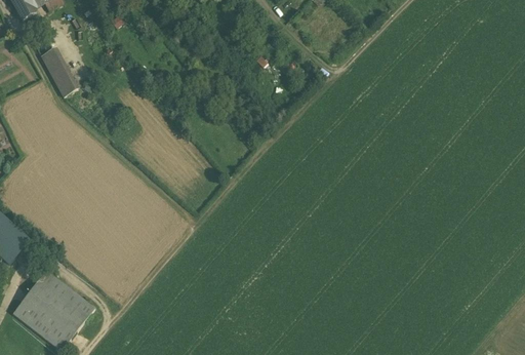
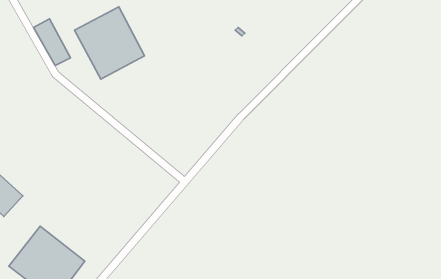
building: none -> [75,7,144,79]

